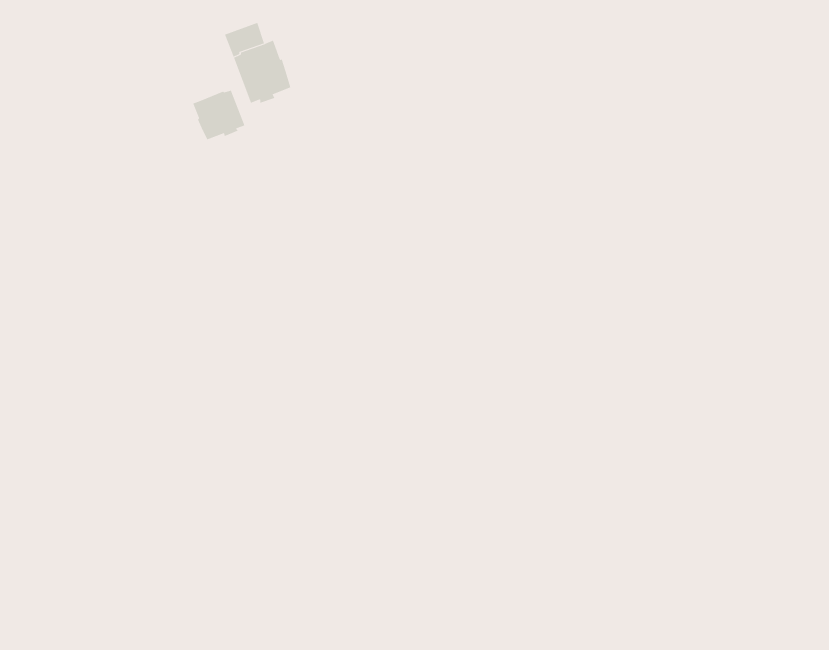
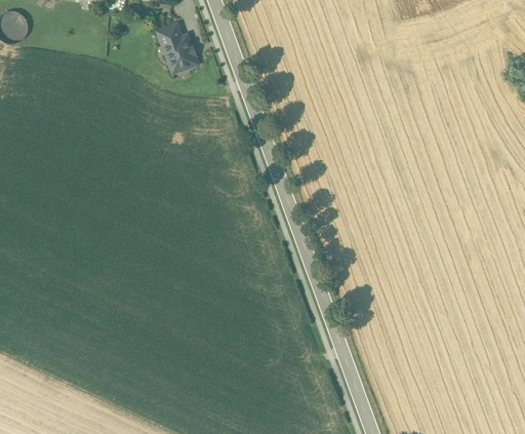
building: [192,90,245,140] -> none

